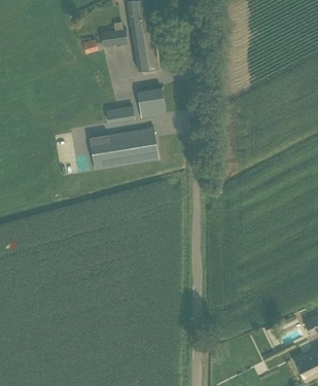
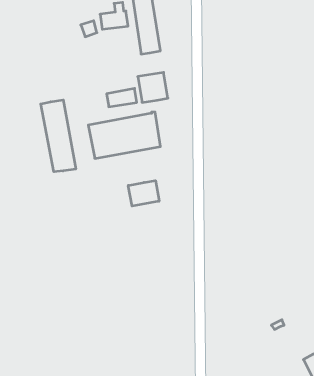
building: none -> [41,100,76,172]
building: none -> [128,181,159,206]

